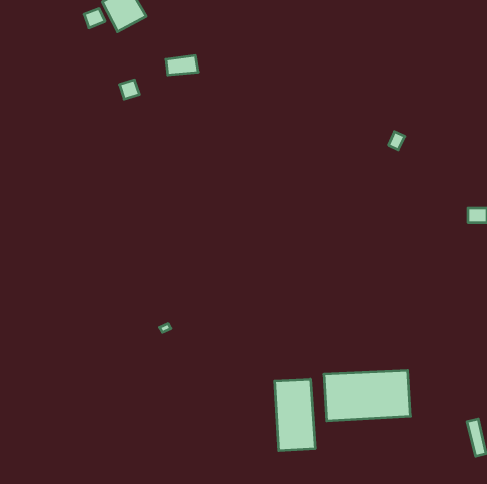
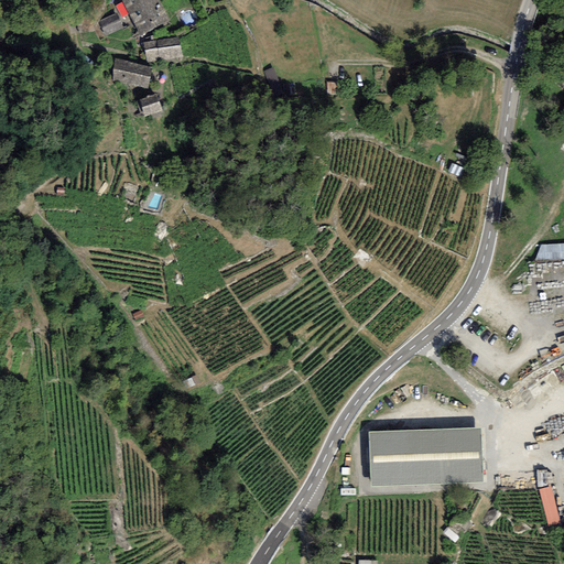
building: none -> [109,56,151,85]
building: [166,55,198,75] -> [143,35,181,58]
building: [275,379,315,451] -> none

